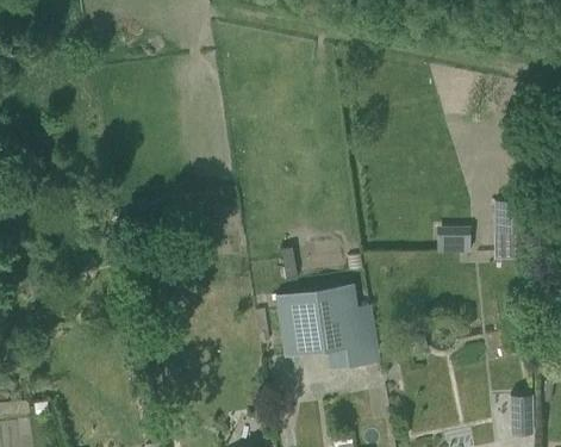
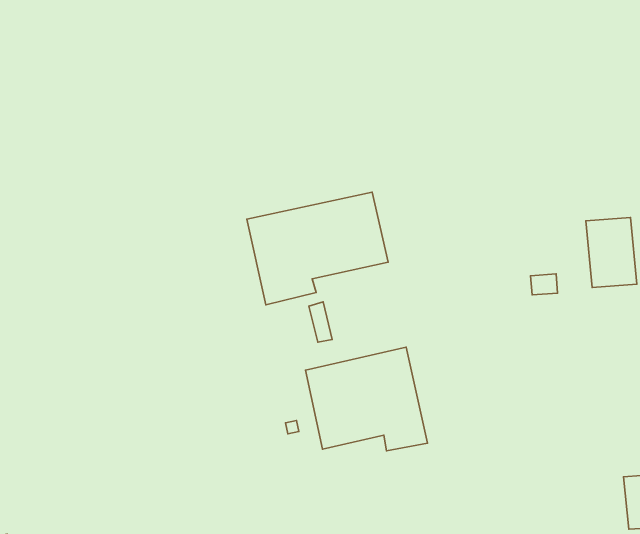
building: none -> [247,192,388,305]

